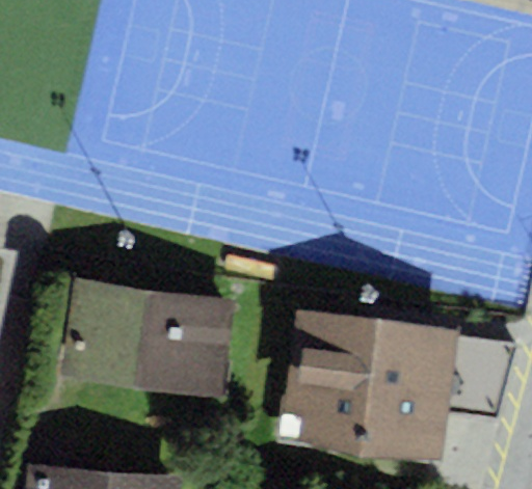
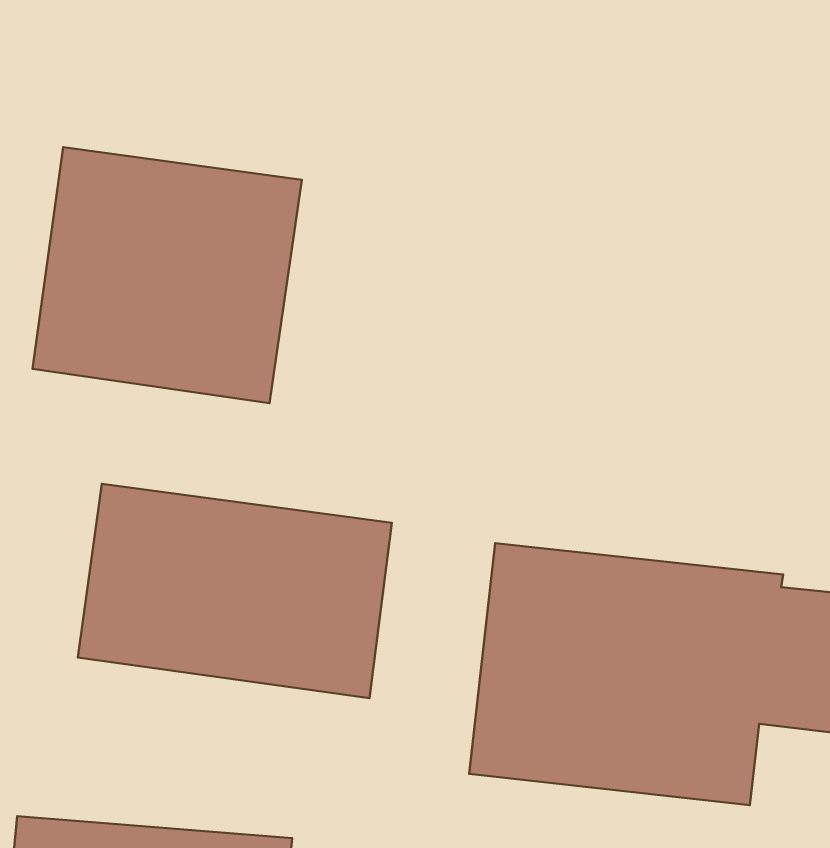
building: none -> [32,147,302,403]

